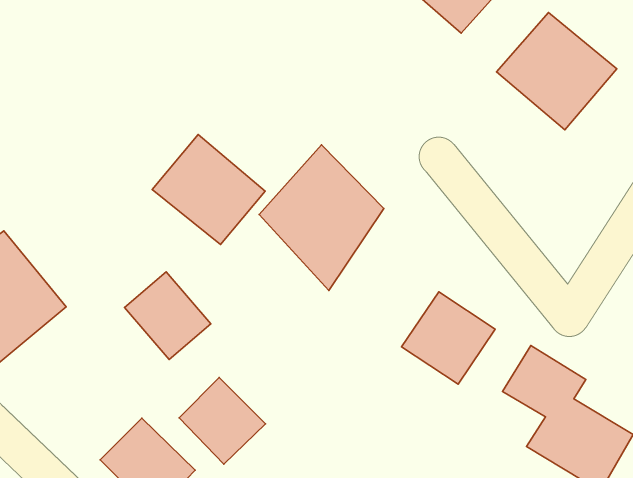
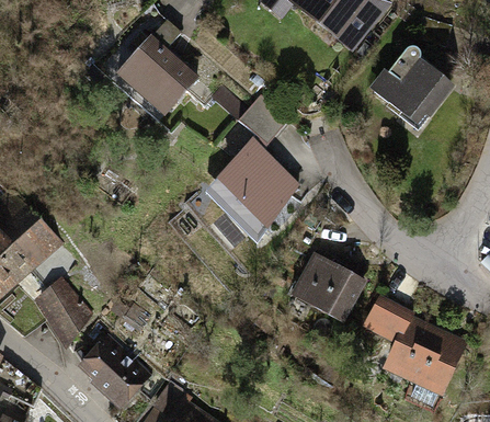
building: [152,135,265,245] -> [113,36,196,117]
building: [125,272,211,359] -> [34,281,98,345]
building: [179,378,265,464] -> none

